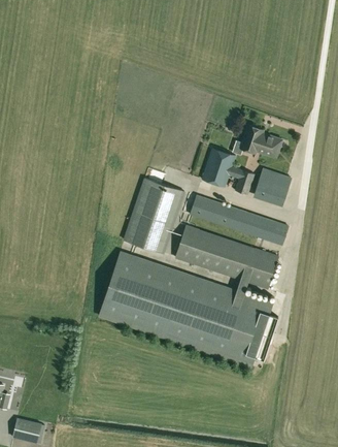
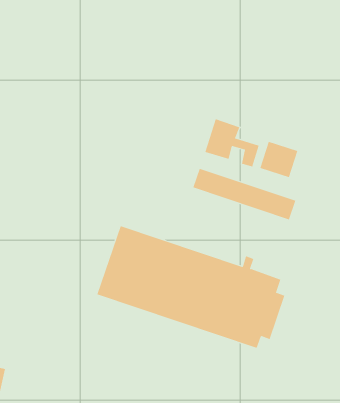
building: [240,125,281,157] -> none
building: [123,178,185,254] -> none
building: [175,225,278,288] -> none

